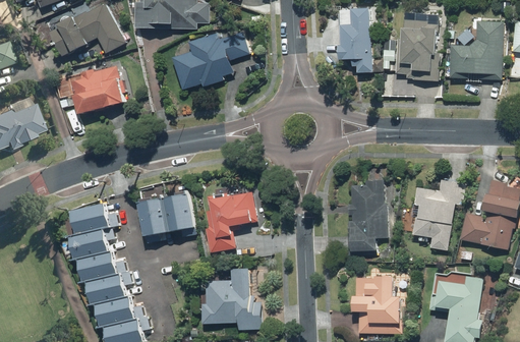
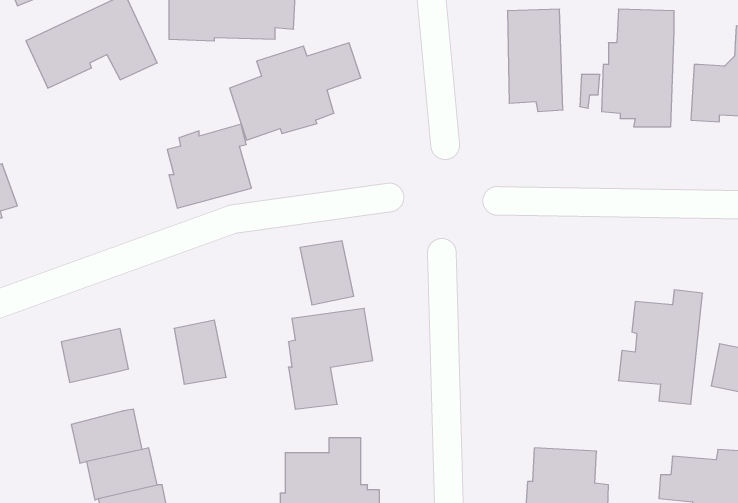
building: [71,65,122,116] -> [167,124,251,208]
building: [346,178,387,254] -> none
building: [161,194,193,233] -> [300,241,354,305]
building: [66,230,106,262] -> none

